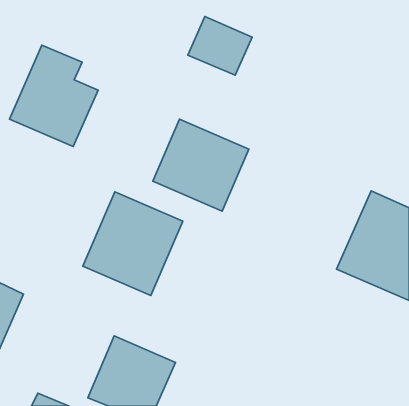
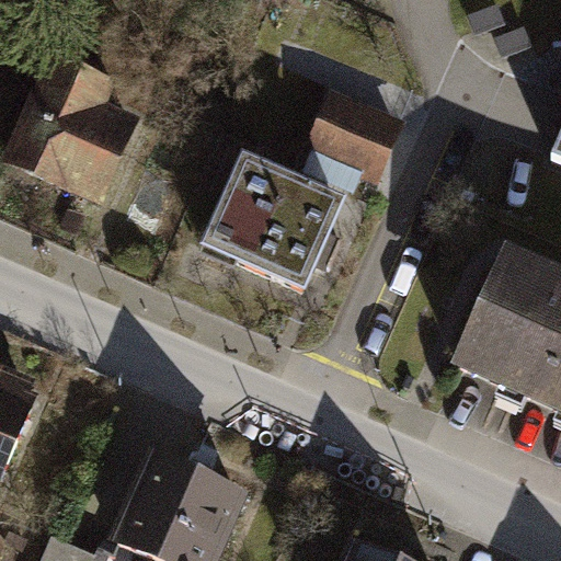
building: [188,16,252,75] -> [310,94,398,174]
building: [83,192,183,296] -> none

